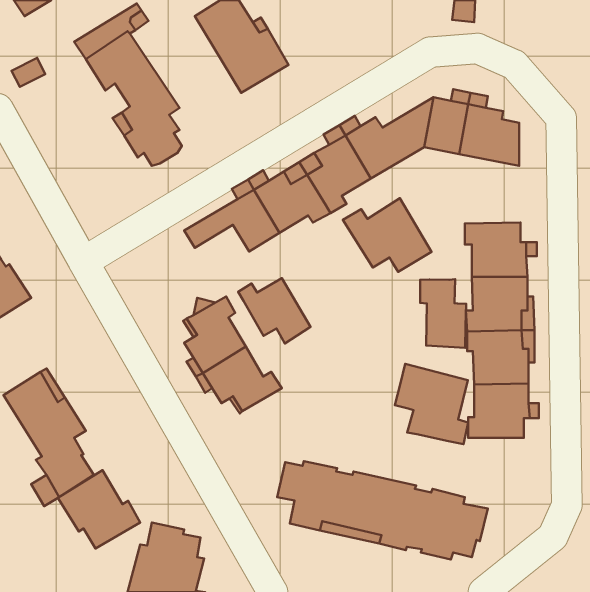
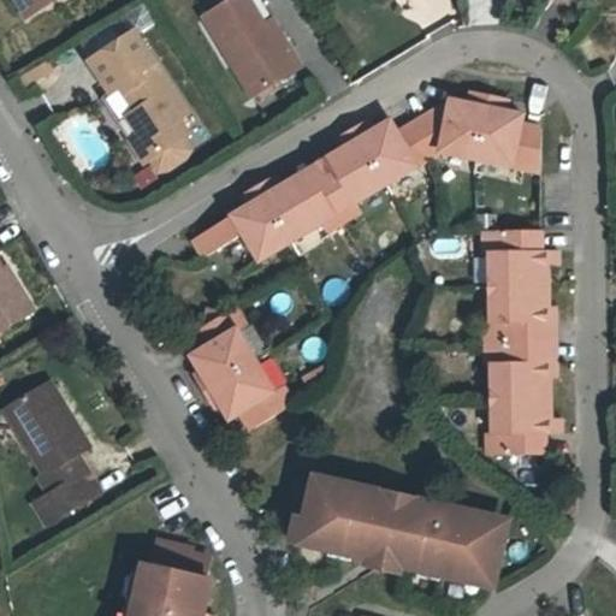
building: [343,198,432,272] -> none
building: [238,278,311,343] -> none
building: [420,279,466,348] -> none
building: [395,364,468,444] -> none
building: [58,470,140,548] -> none

